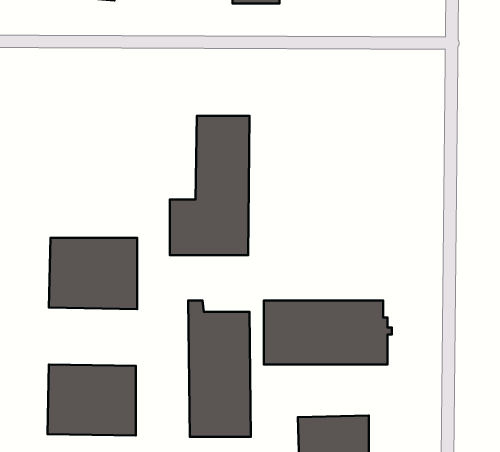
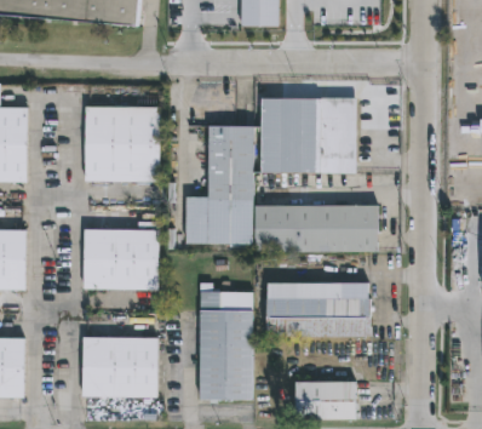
building: none -> [260,97,355,173]
building: none -> [82,105,160,182]
building: none -> [254,205,378,252]

